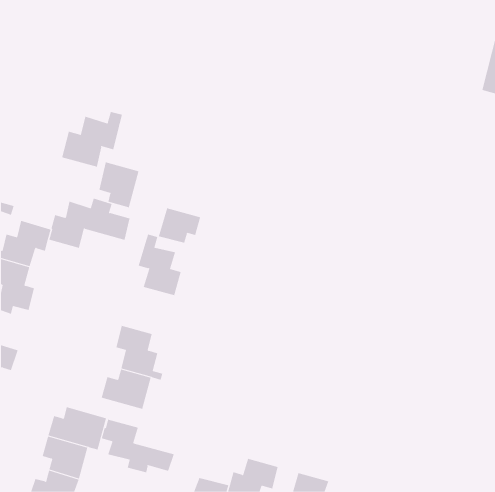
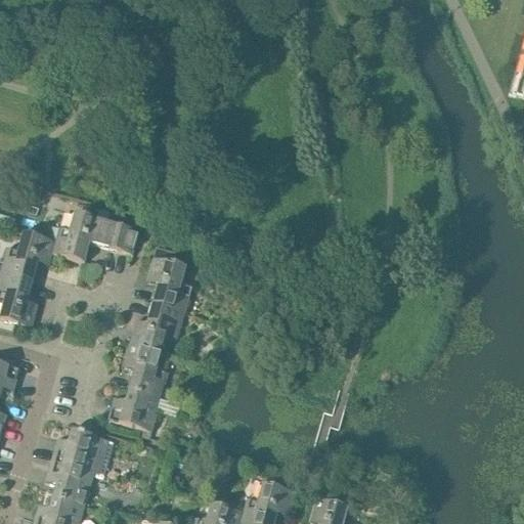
building: [61,111,122,168] -> none
building: [99,162,139,208] -> none
building: [158,207,201,243] -> none
building: none -> [129,303,185,352]
building: [101,419,174,473] -> none

